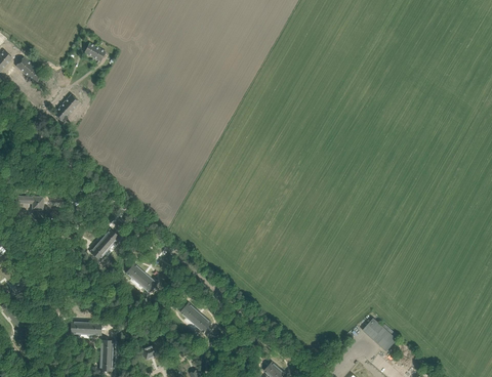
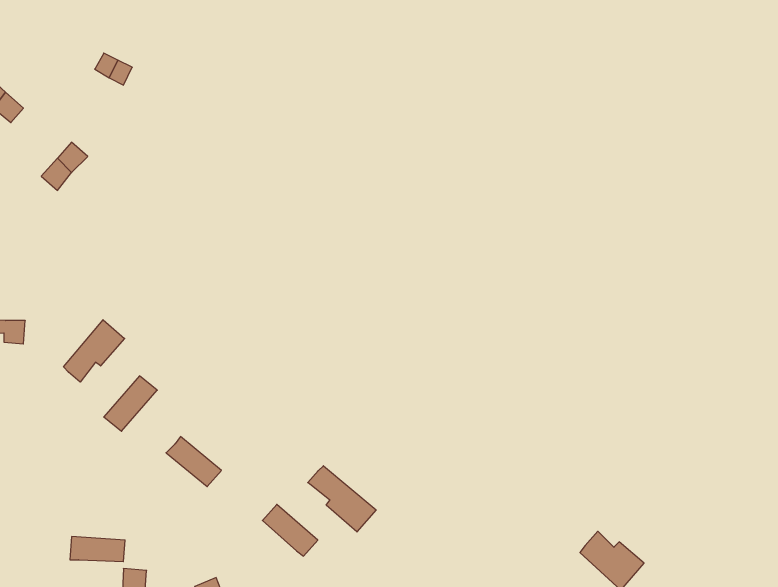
building: none -> [64,320,125,382]
building: none -> [308,466,376,532]

